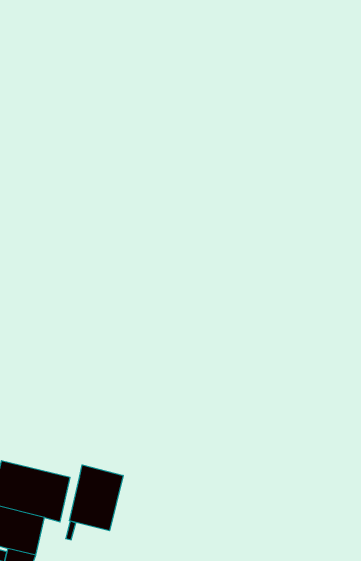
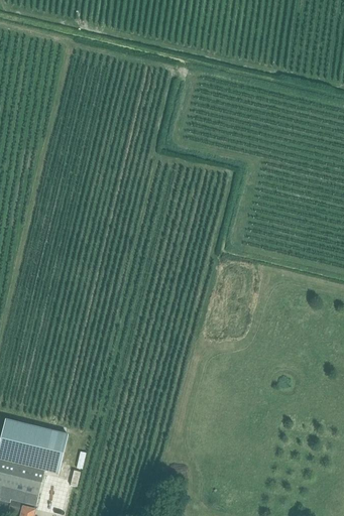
building: [70,465,123,531] -> none

